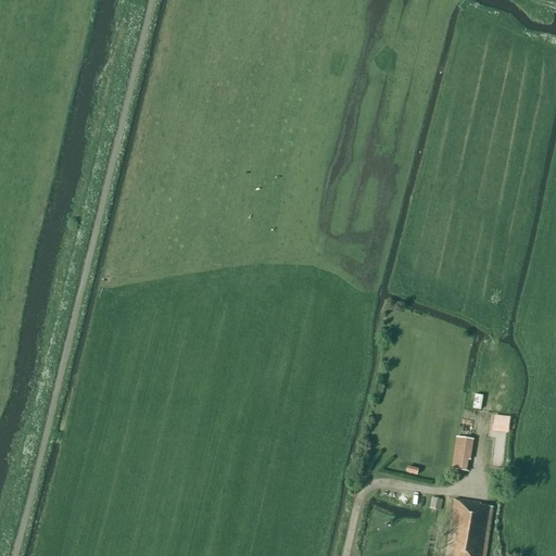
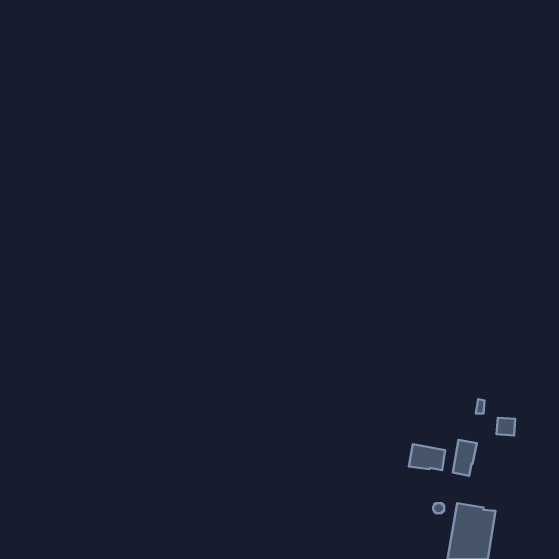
building: none -> [409,444,445,470]

